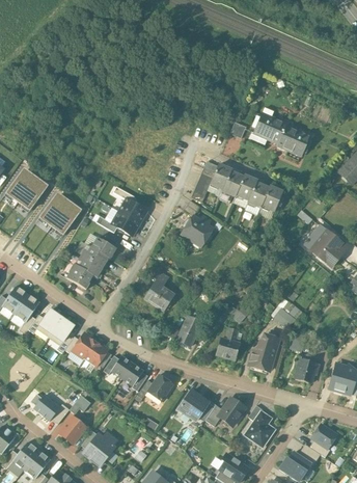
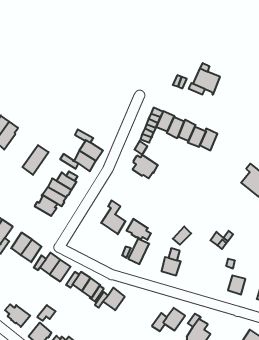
building: [277,124,309,155] -> none
building: [38,196,70,231] -> none
building: none -> [127,219,151,240]
building: [248,334,278,371] -> none
building: [177,390,208,421] -> none

